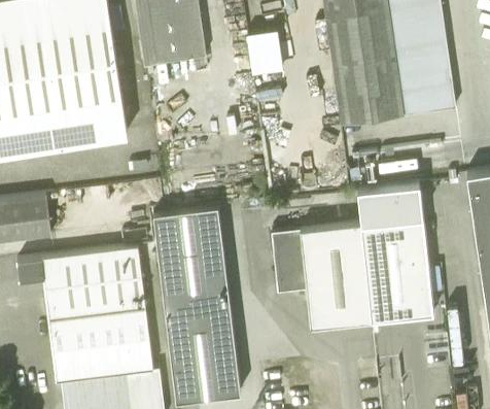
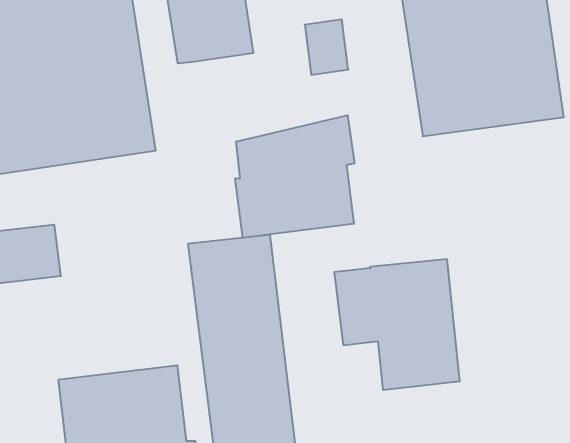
building: none -> [235,115,354,238]
building: [357,184,433,322] -> none
building: [18,248,145,321] -> none

